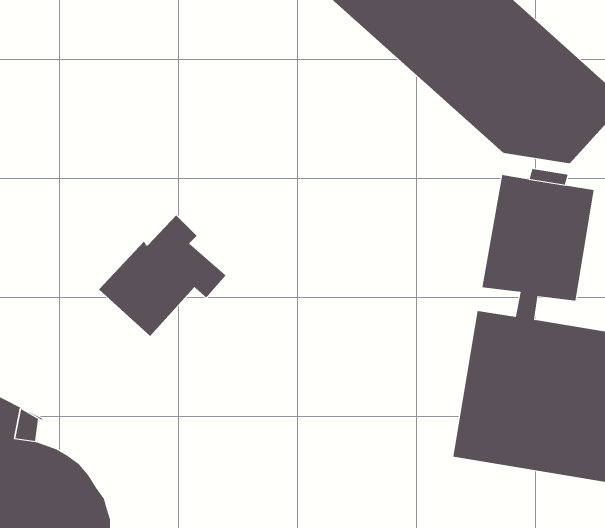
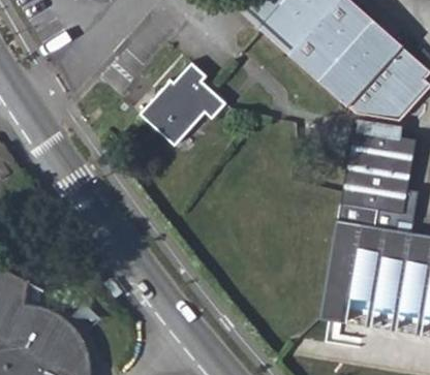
building: [98,215,226,337] -> [141,62,227,145]

